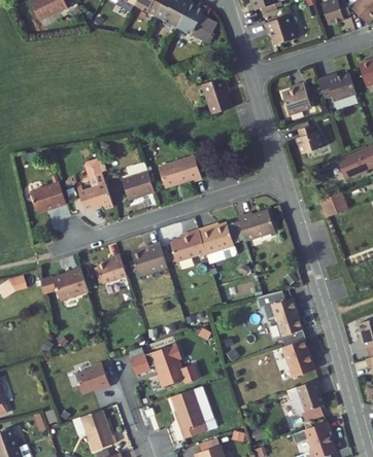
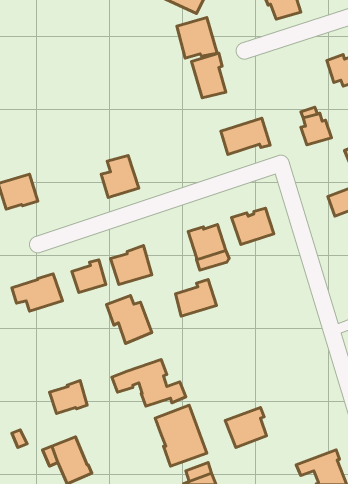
building: none -> [177,18,217,58]
building: [282,83,311,116] -> none
building: [158,157,201,189] -> [221,118,270,155]
building: [78,159,113,211] -> none
building: [169,231,205,262] -> [175,280,217,316]
building: none -> [107,295,152,343]
building: [257,298,302,338] -> none
building: [280,339,313,377] -> none
building: [287,380,324,415] -> [225,408,266,447]

